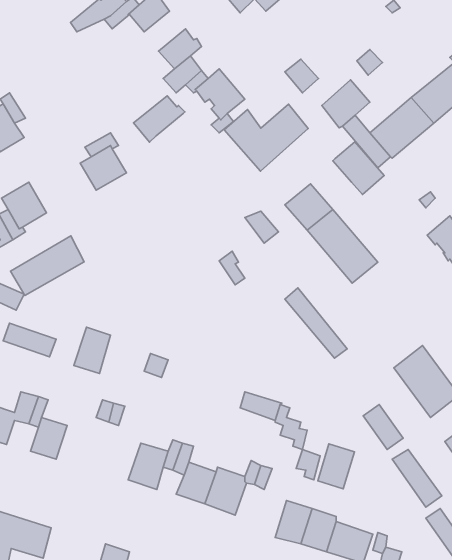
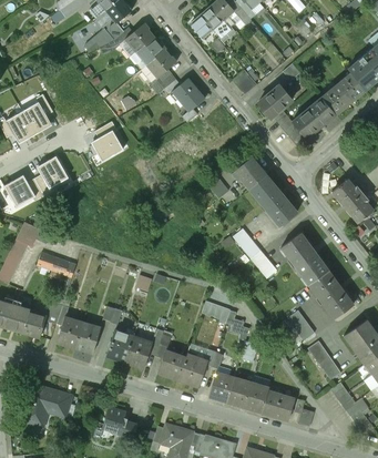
building: [134,96,185,142] -> [130,37,165,69]
building: [224,104,308,171] -> none
building: [333,142,384,194] -> none
building: [10,236,84,296] -> none
building: none -> [280,231,328,284]
building: [74,327,111,374] -> [74,320,100,353]
building: none -> [106,329,133,362]
building: [318,444,355,489] -> [208,370,234,401]

